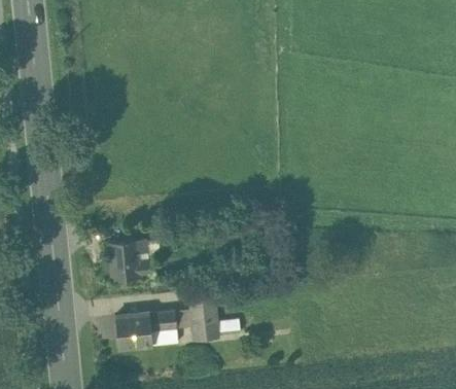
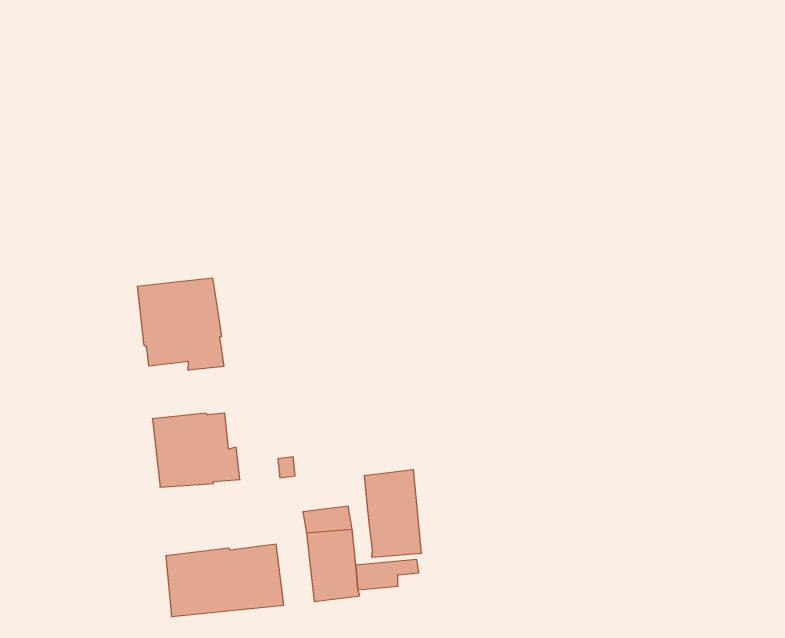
building: none -> [137,278,224,370]
building: none -> [365,469,421,557]

